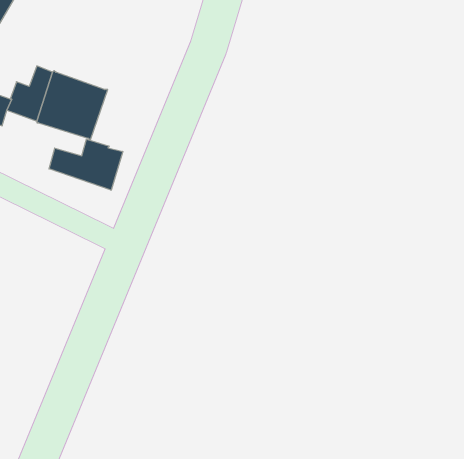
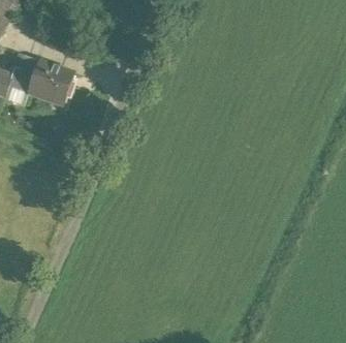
building: [49,139,123,190] -> none

